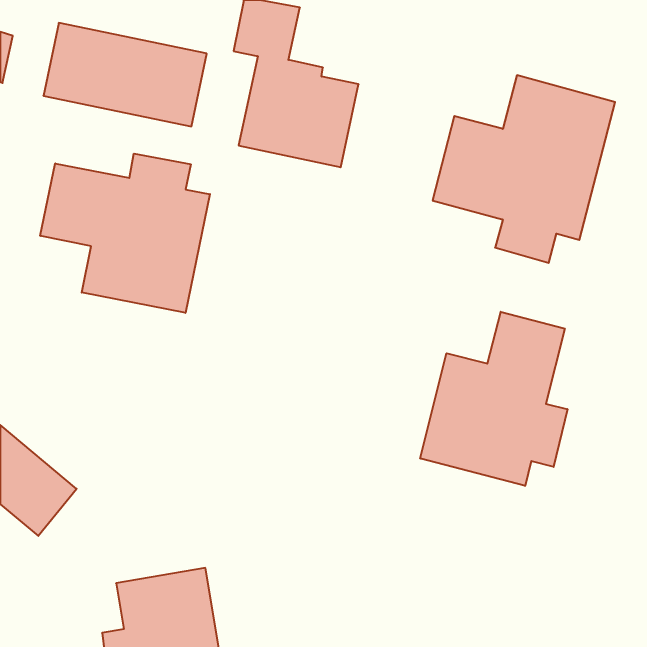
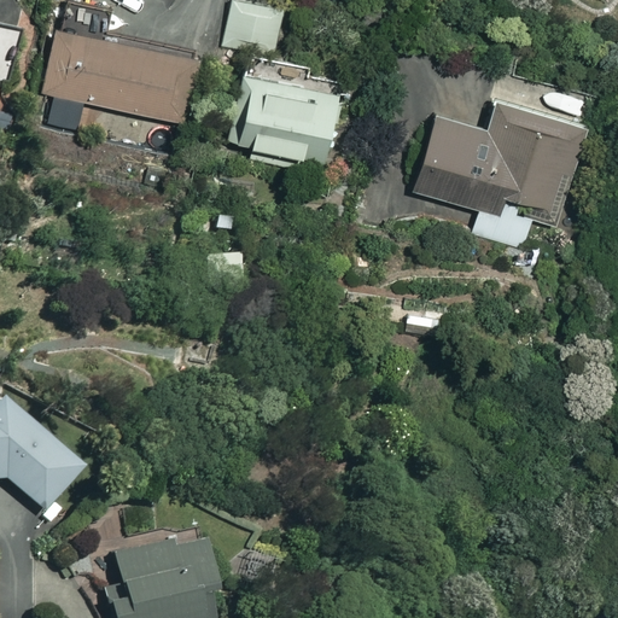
building: [40,154,210,313] -> none
building: [420,312,567,486] -> none

